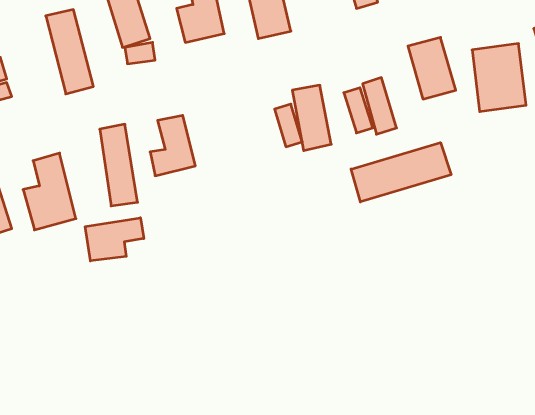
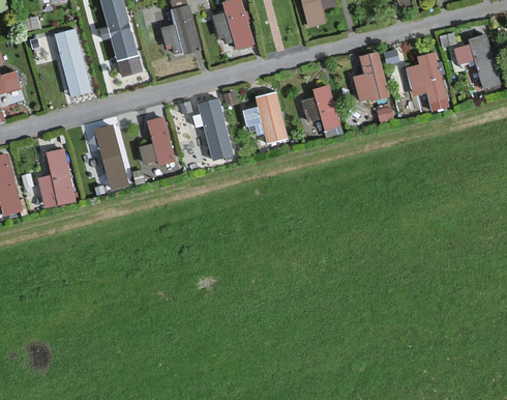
building: none -> [196,98,235,162]
building: [351,143,451,202] -> none
building: [85,218,144,261] -> none

